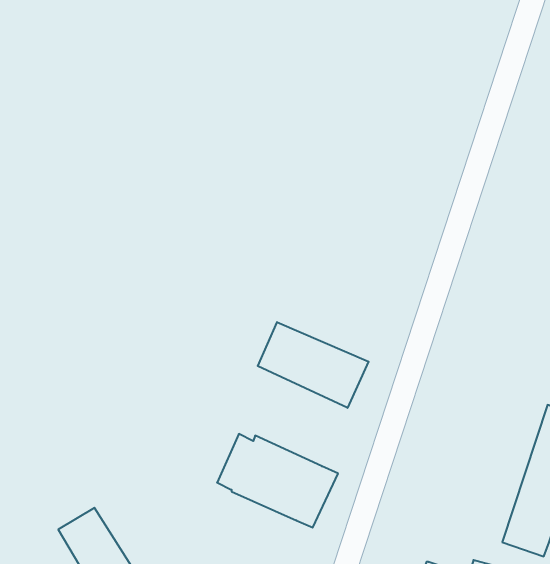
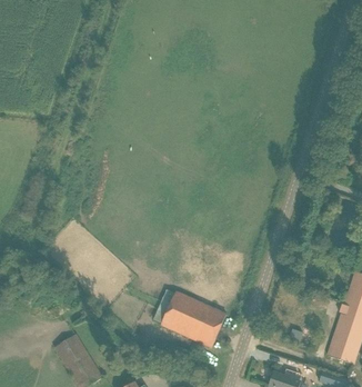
building: [258,322,369,408] -> none

